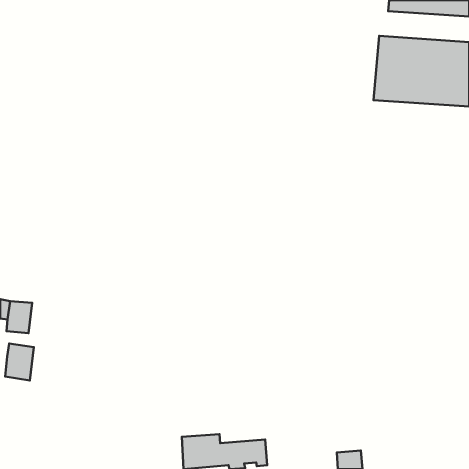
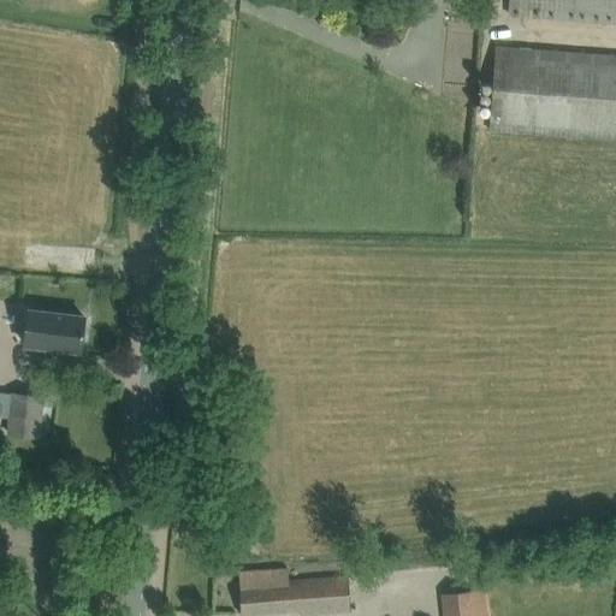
building: none -> [24,312,84,351]
building: [5,343,34,381] -> none

